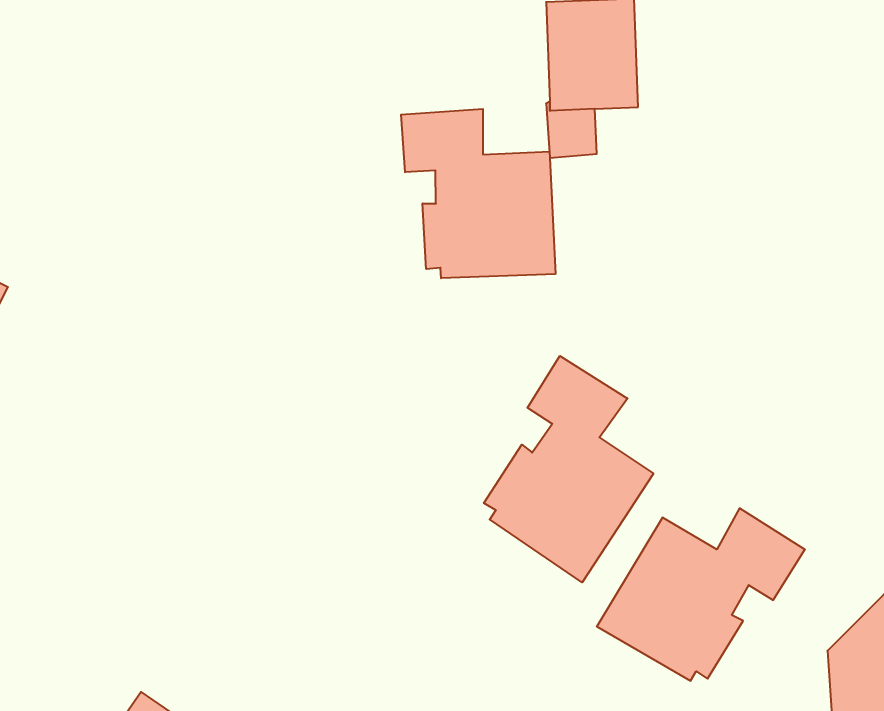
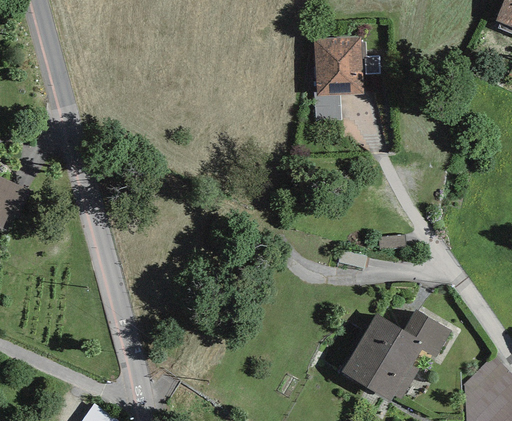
building: [401,109,555,278] -> none
building: [484,356,653,582] -> none

